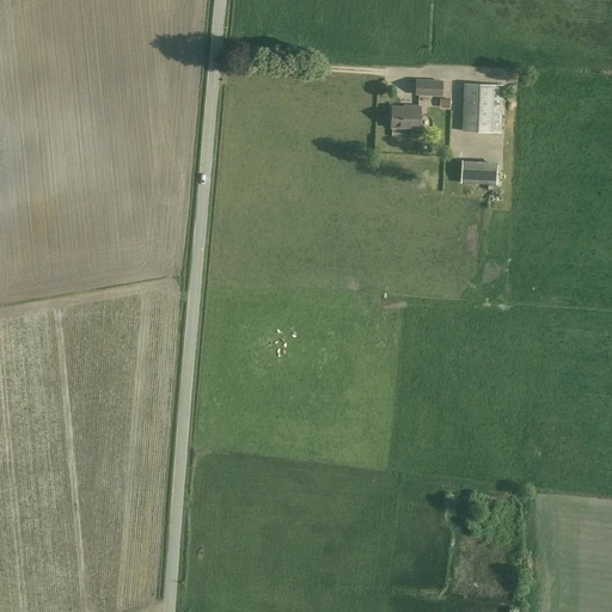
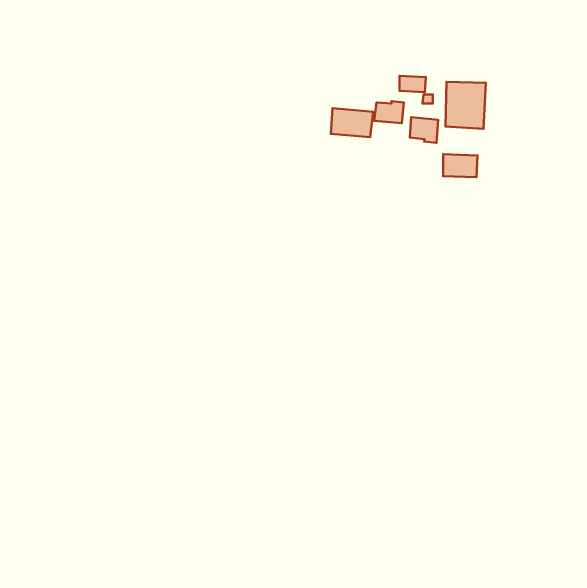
building: none -> [331,108,373,137]
building: none -> [410,117,438,143]

